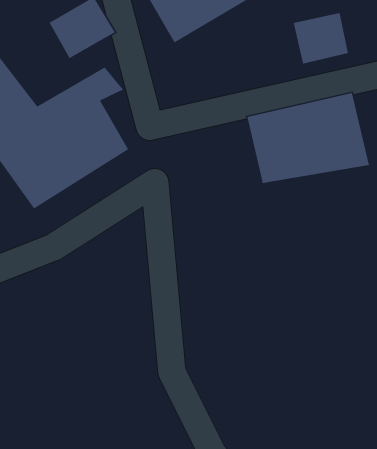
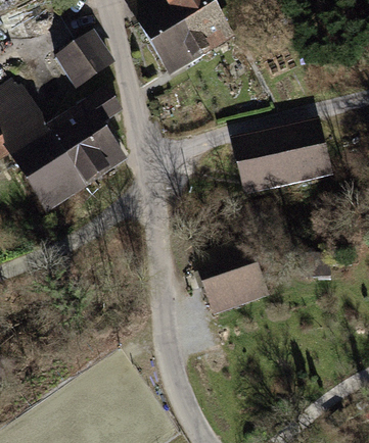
building: [293,12,349,64] -> none
building: none -> [212,261,268,310]

